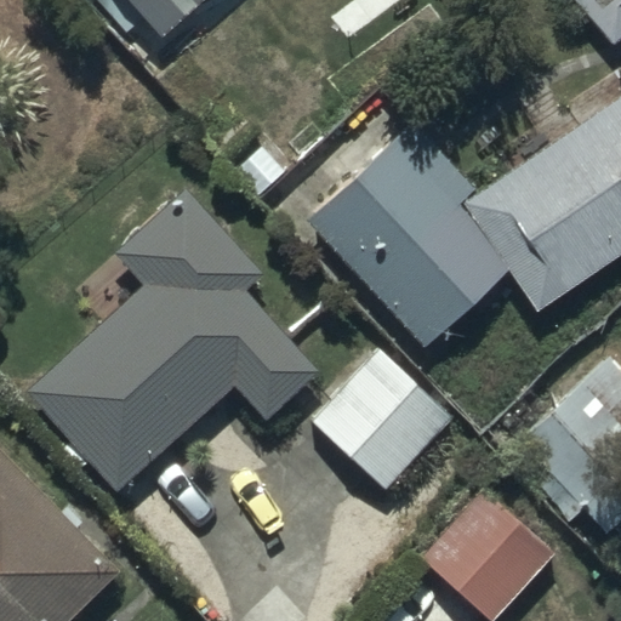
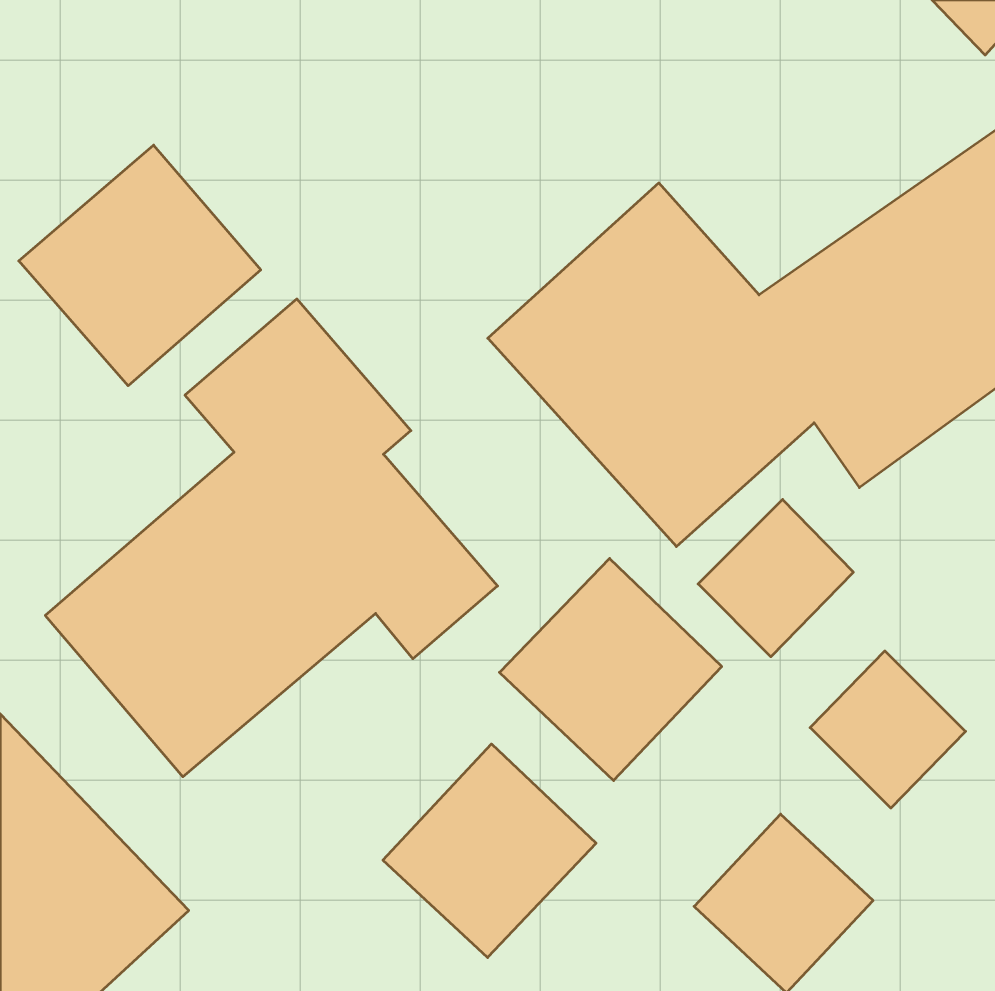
building: none -> [19,145,261,386]
building: none -> [383,744,596,958]

